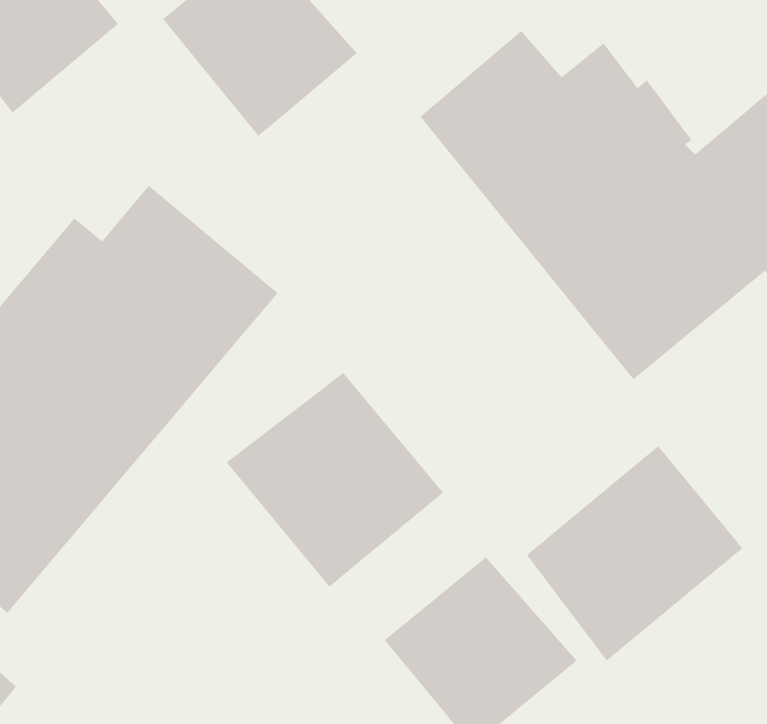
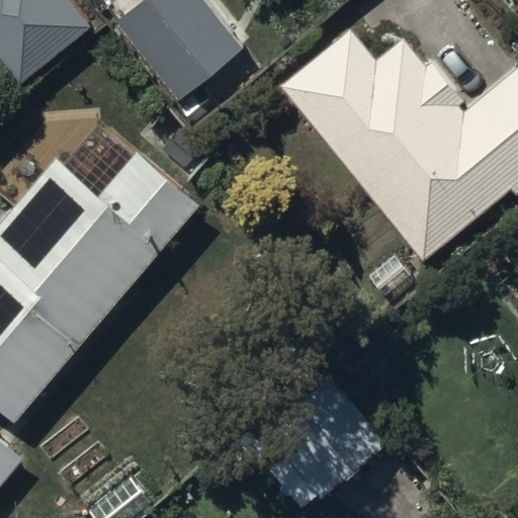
building: [226,372,444,587] -> none
building: [526,445,743,661] -> none

